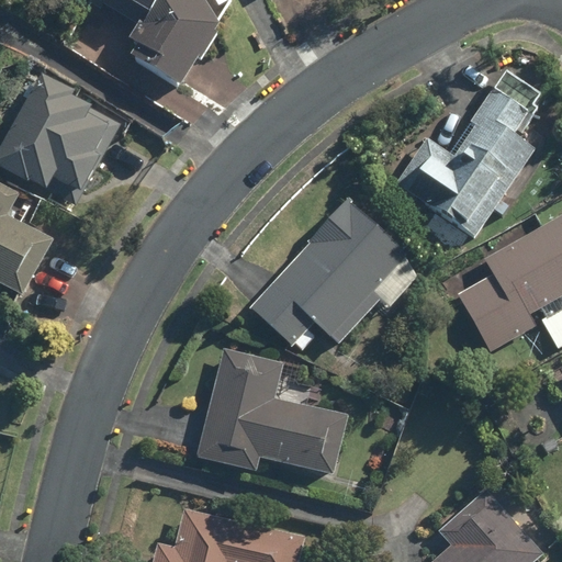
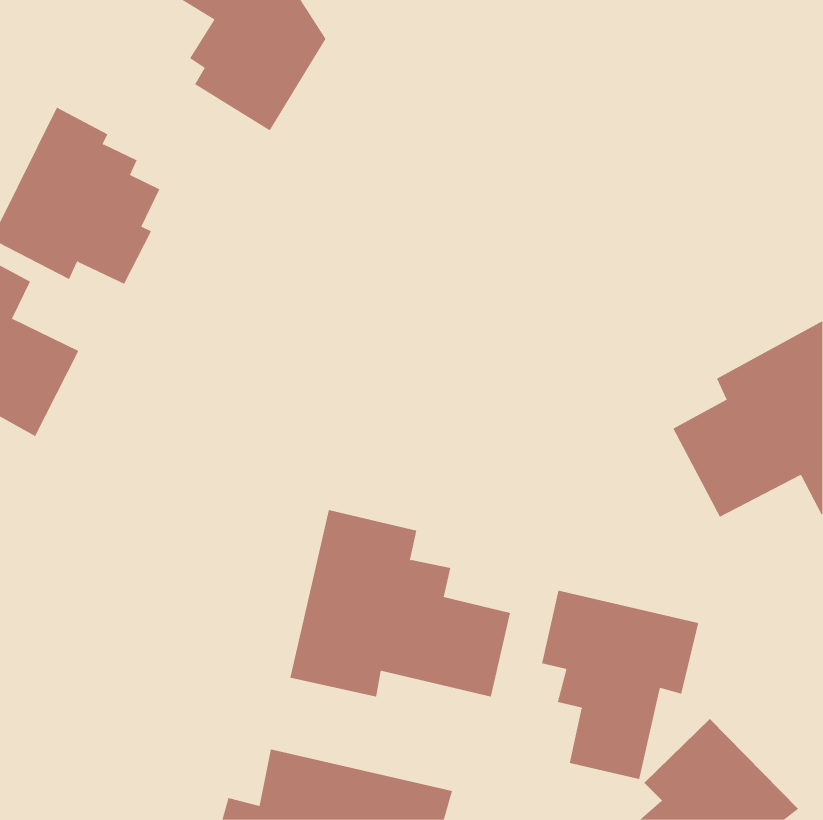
building: [394,70,541,238] -> none
building: [250,200,422,348] -> none
building: none -> [541,590,699,780]

